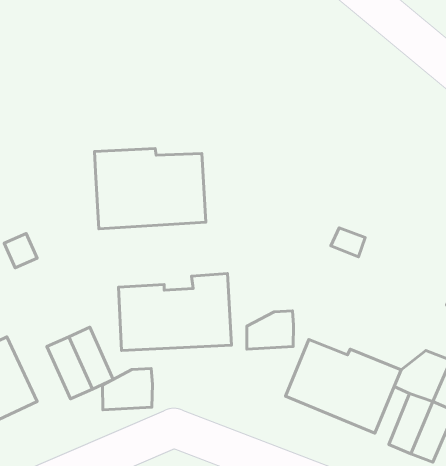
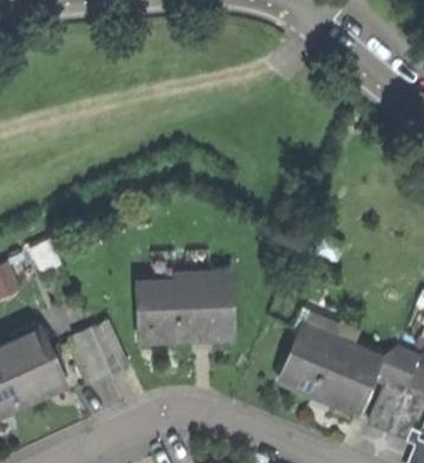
building: [94,148,206,229] -> none
building: [247,311,294,349] -> none
building: [103,369,152,410] -> none

